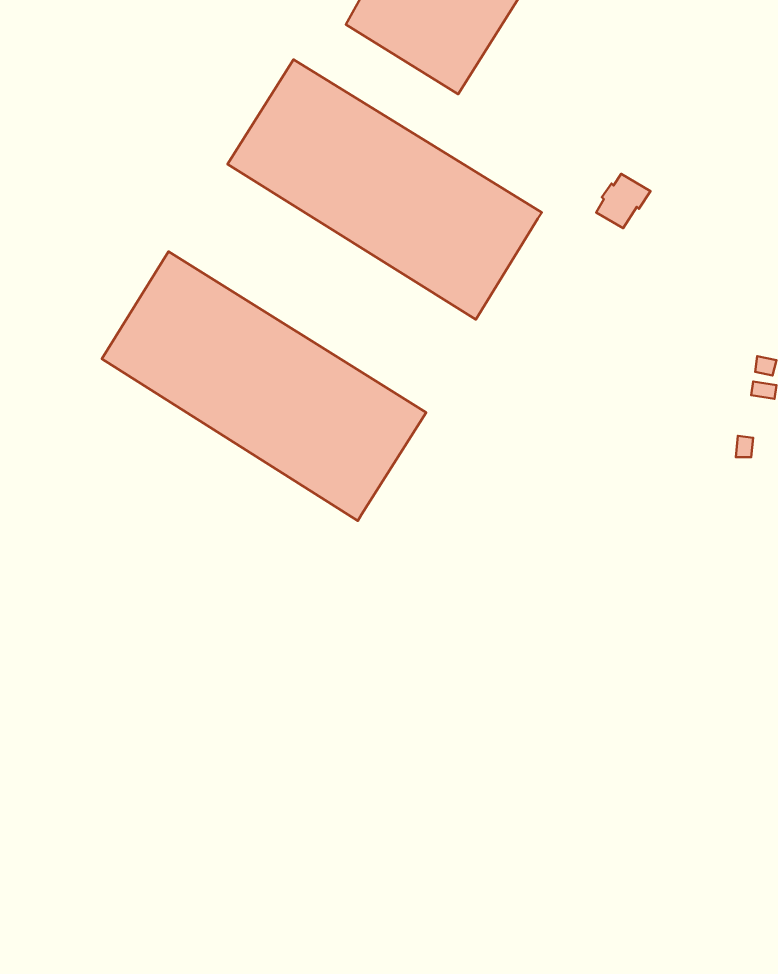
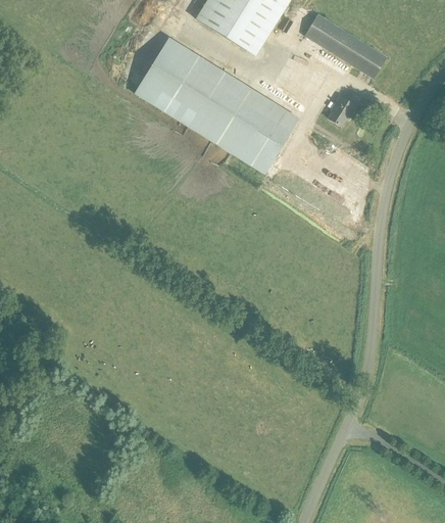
building: none -> [304,13,387,79]
building: [102,251,426,521] -> none

